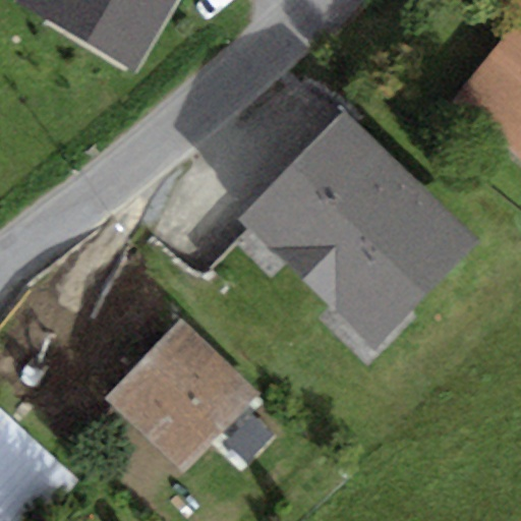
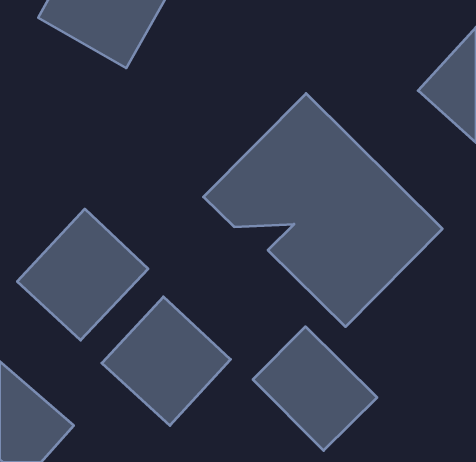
building: none -> [17,209,148,340]
building: none -> [253,327,377,451]

